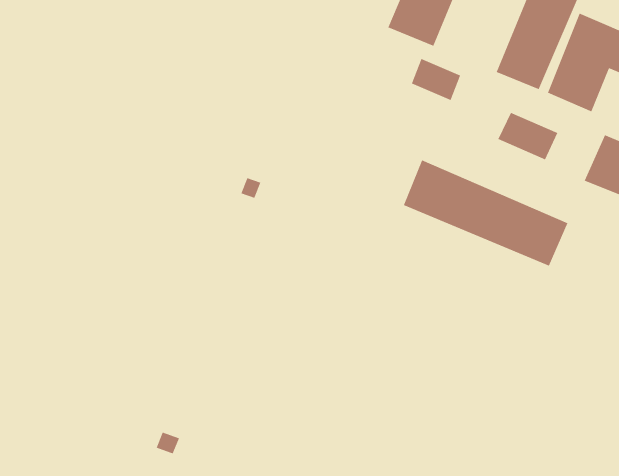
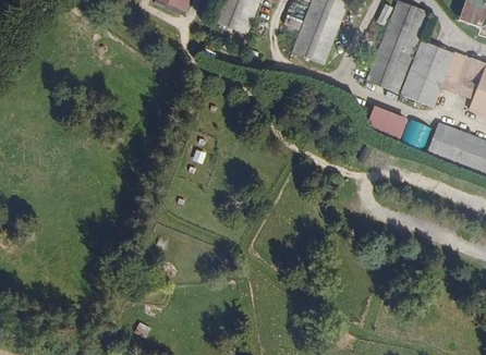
building: [411,58,461,101] -> none
building: [403,159,568,266] -> none

